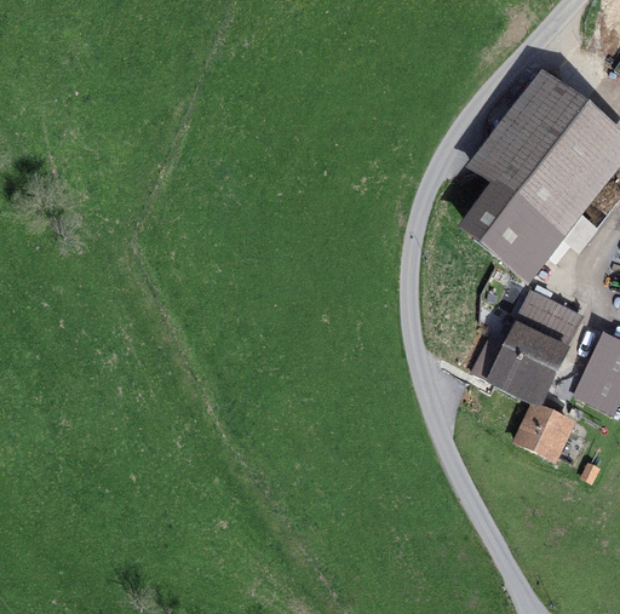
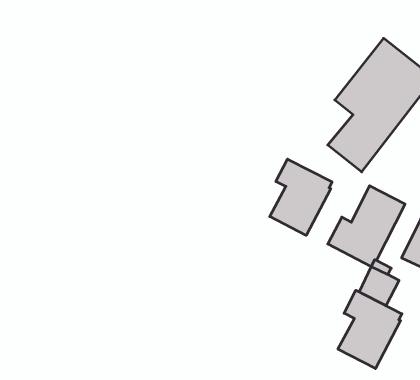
building: none -> [270,159,332,235]
building: none -> [338,290,402,369]

